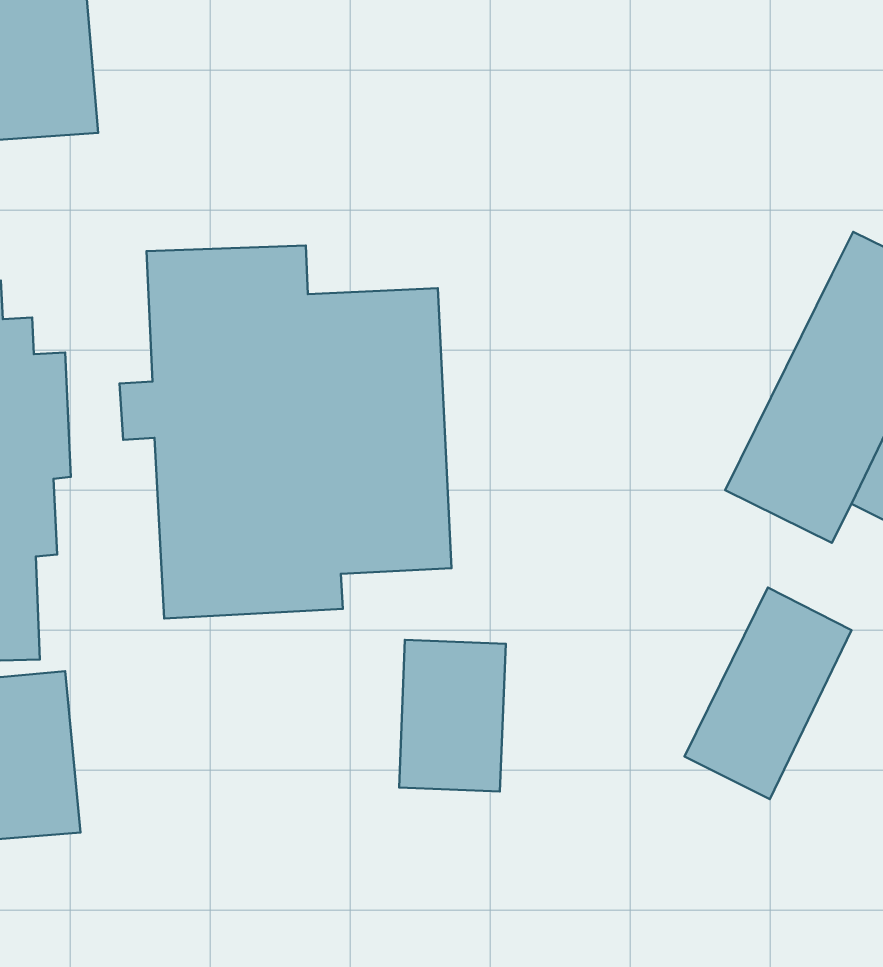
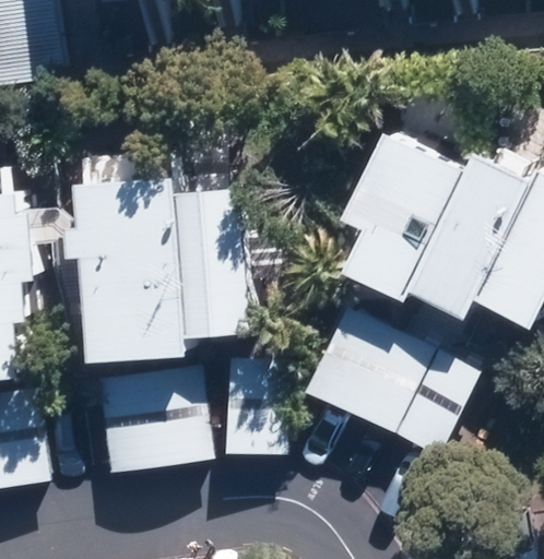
building: none -> [348,128,473,298]
building: none -> [306,302,437,438]
building: none -> [97,367,215,475]

